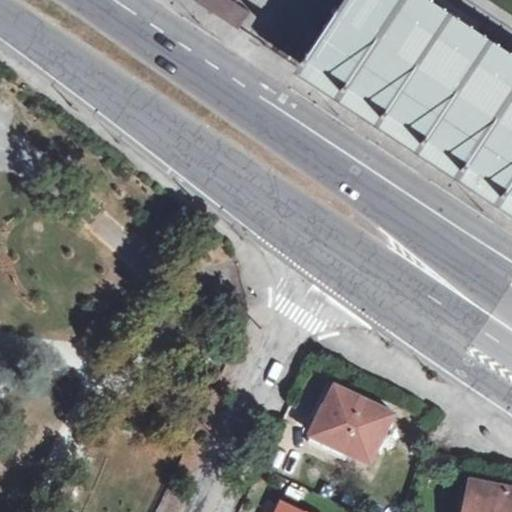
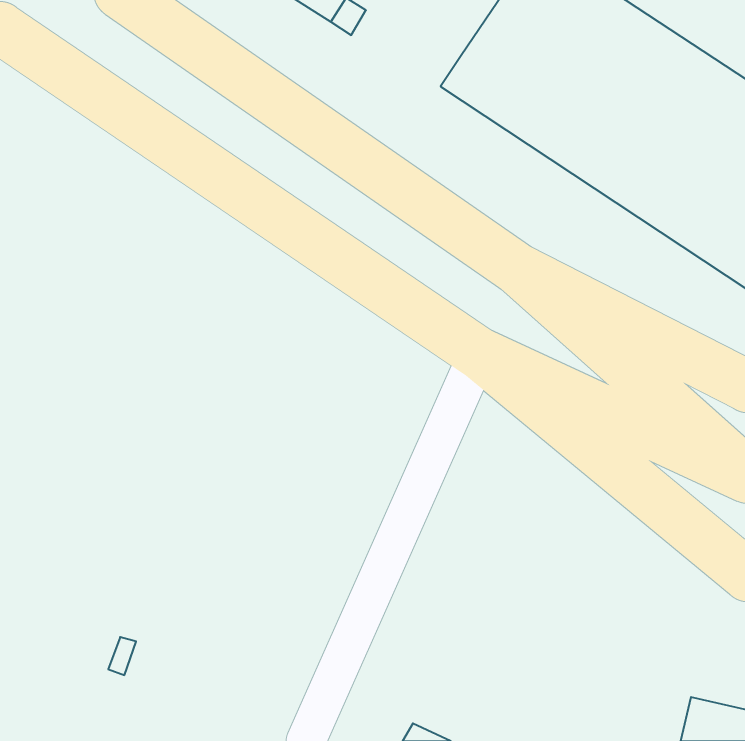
building: [310,380,397,458] -> none

